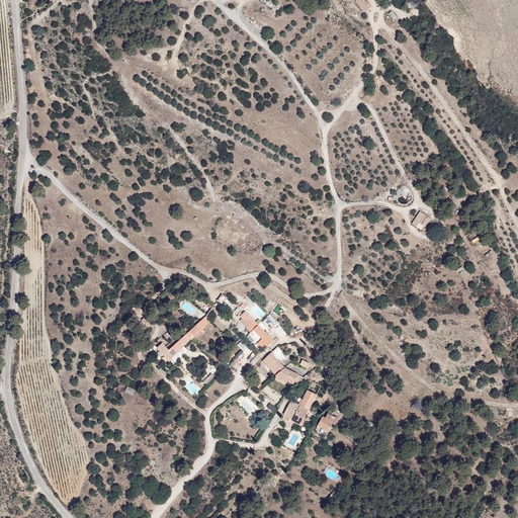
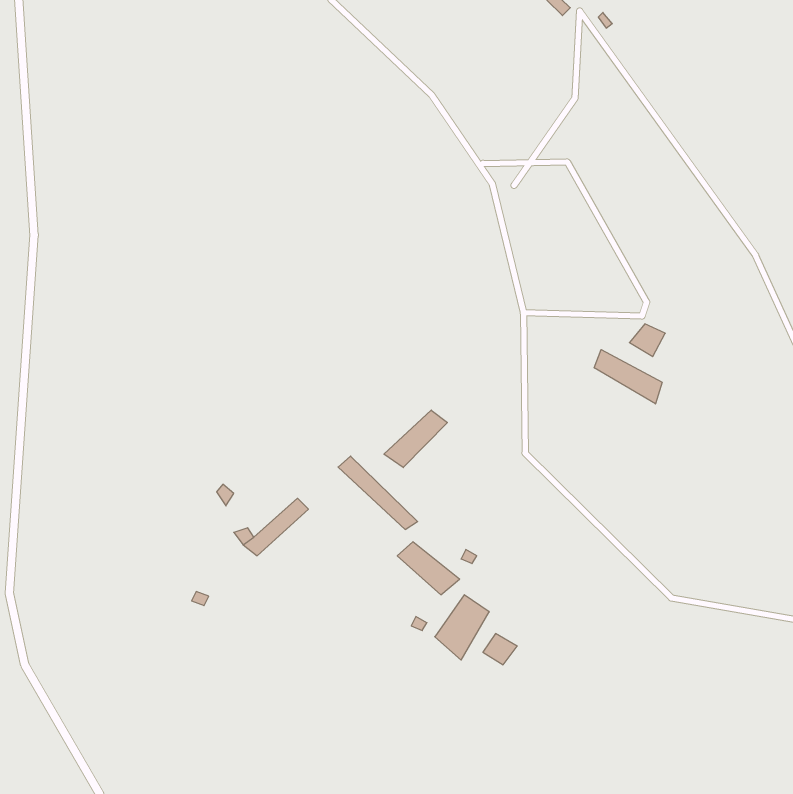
building: none -> [594,350,662,404]
building: none -> [384,410,447,468]

